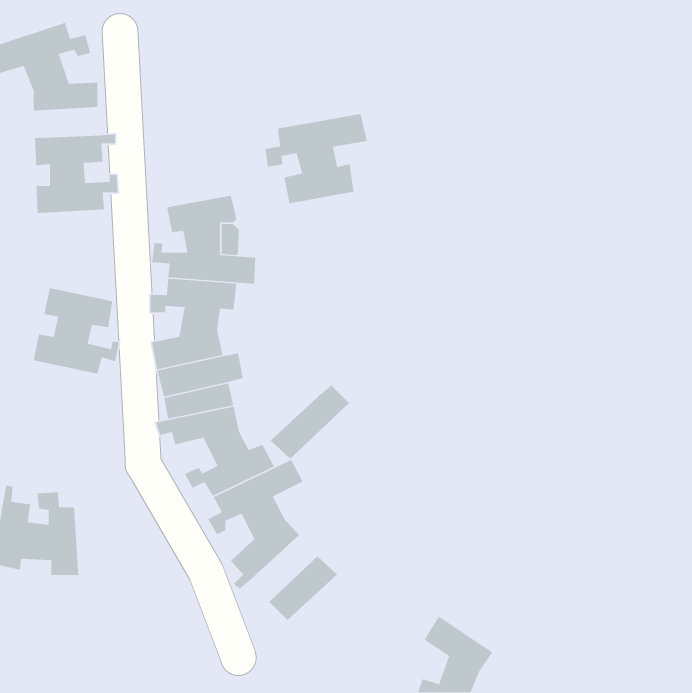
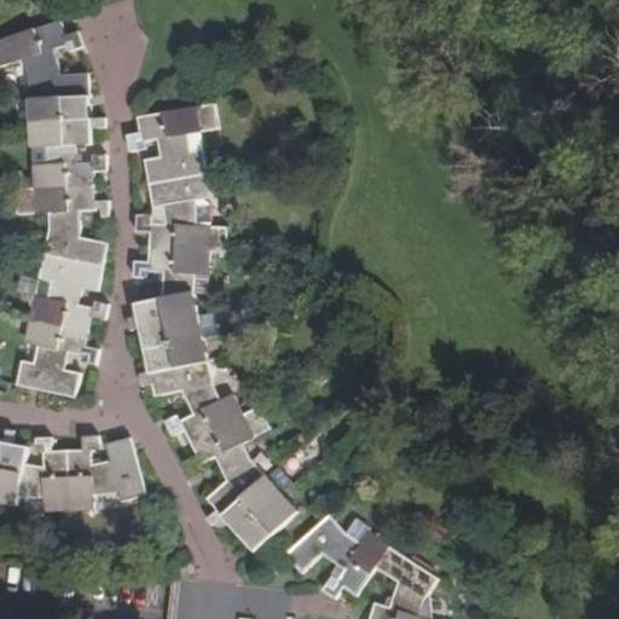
building: none -> [29,96,89,122]
building: [264,113,368,204] -> [126,103,218,184]
building: none -> [15,186,108,267]
building: none -> [16,320,98,398]
building: [270,385,350,459] -> [220,468,291,534]
building: none -> [66,436,146,511]
building: none -> [287,515,389,600]

